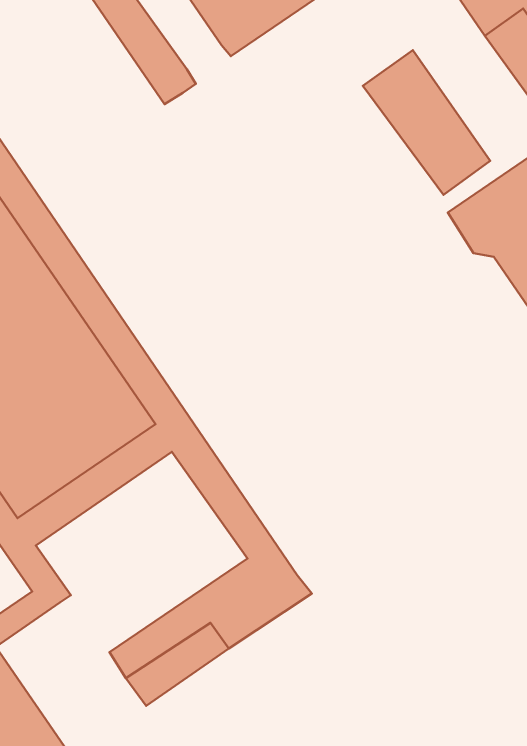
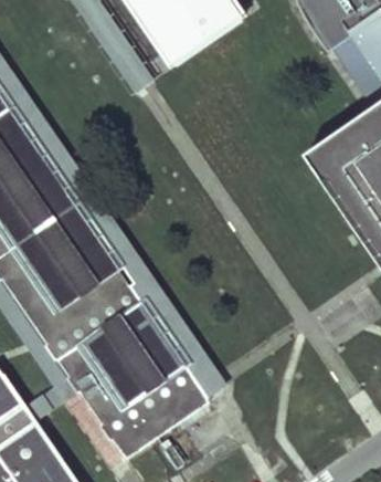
building: [363,50,490,195] -> none
building: none -> [57,304,184,425]

